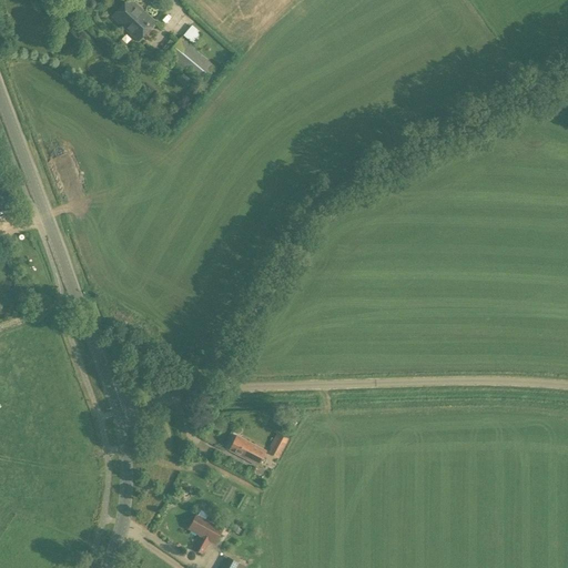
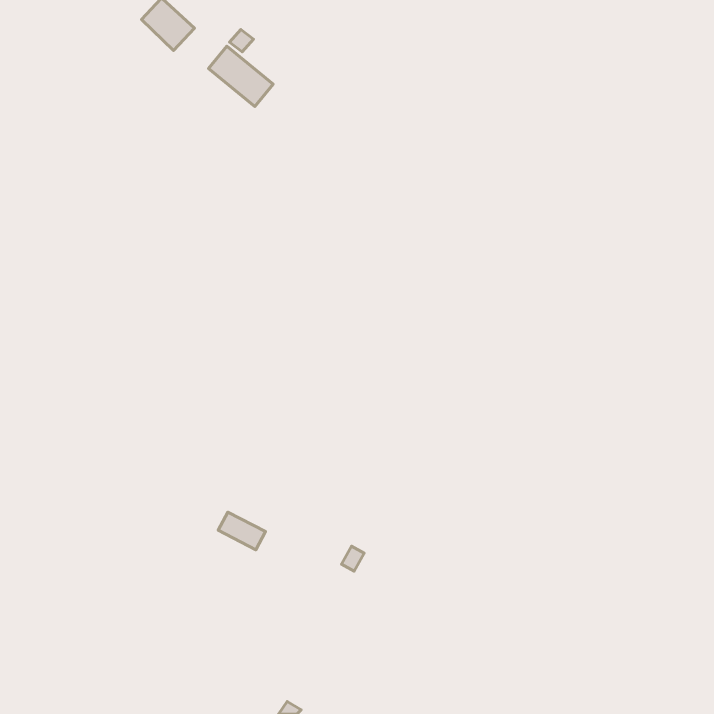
building: [230,435,267,465] -> [218,512,266,550]
building: [190,515,223,552] -> none

